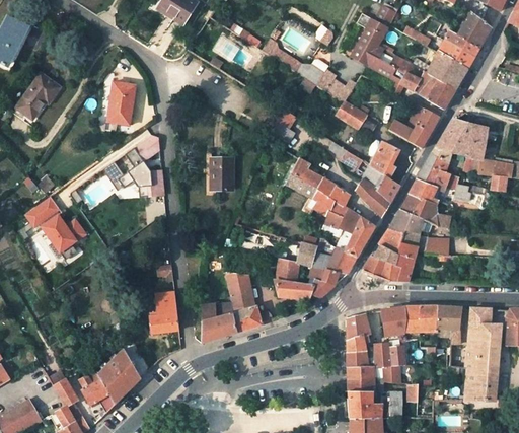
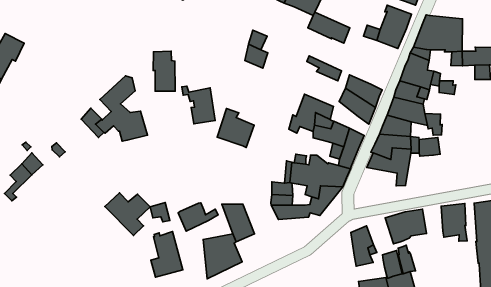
building: [110,82,134,124] -> [153,51,175,91]
building: [369,139,397,177] -> none
building: [286,157,323,198] -> [217,109,254,147]
building: [43,214,86,258] -> [105,193,150,236]
building: [363,257,401,280] -> none
building: [233,305,272,331] -> [178,203,218,231]
building: [421,306,439,331] -> none
building: [348,351,376,367] -> none

